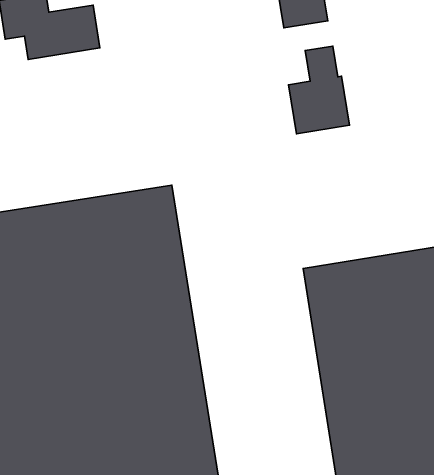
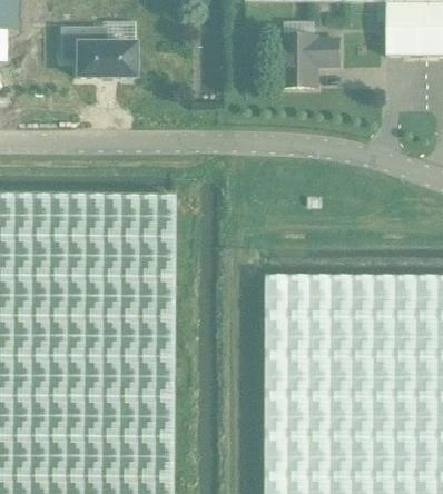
building: [288,46,349,134] -> none

